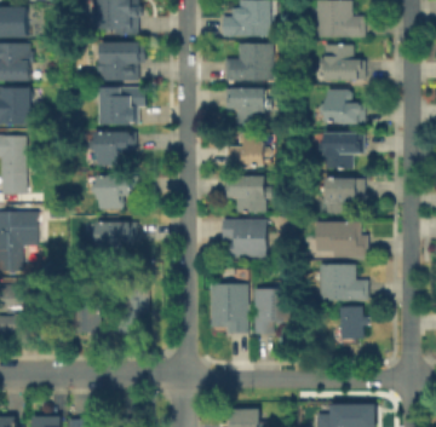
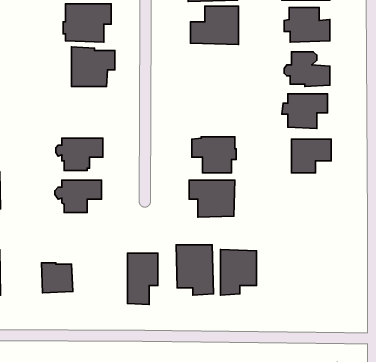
building: [225,87,276,125] -> none
building: [87,132,136,165] -> none
building: [228,132,270,167] -> none
building: [319,221,372,258] -> none
building: [322,265,372,301] -> none
building: [119,281,149,333] -> [128,253,158,305]
building: [345,307,373,339] -> none

